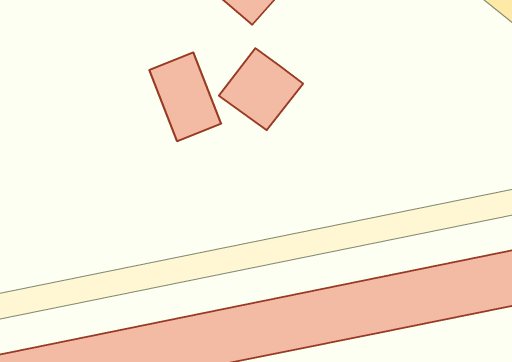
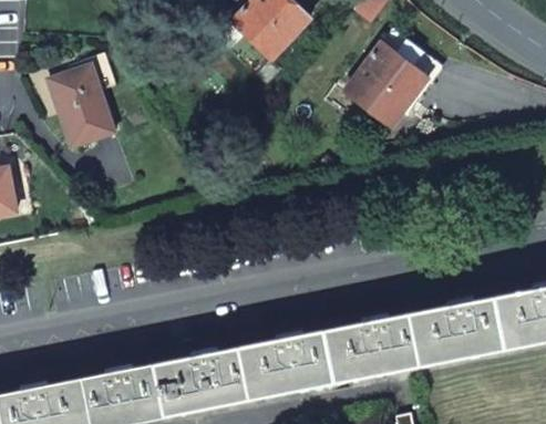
building: [219,48,303,130] -> [346,44,430,126]
building: [149,53,221,141] -> [48,69,120,157]

